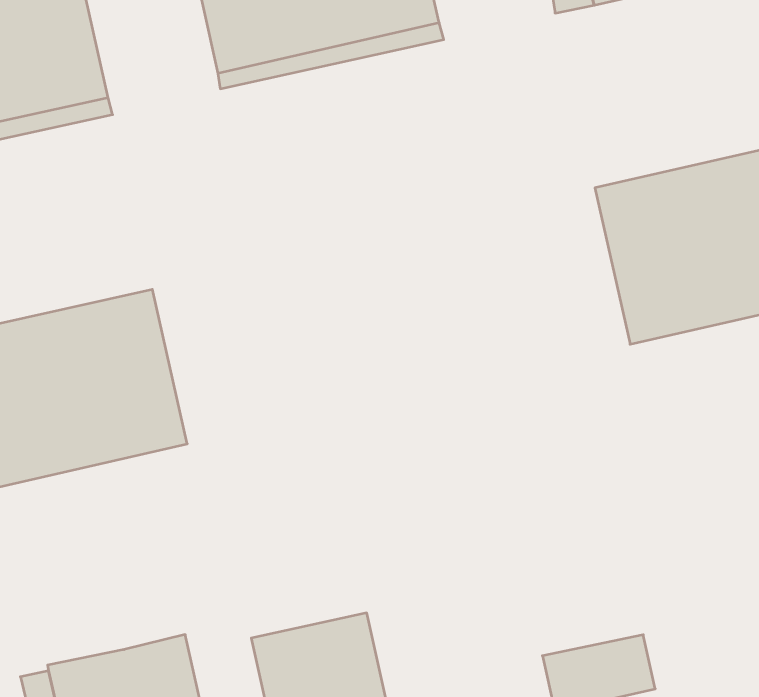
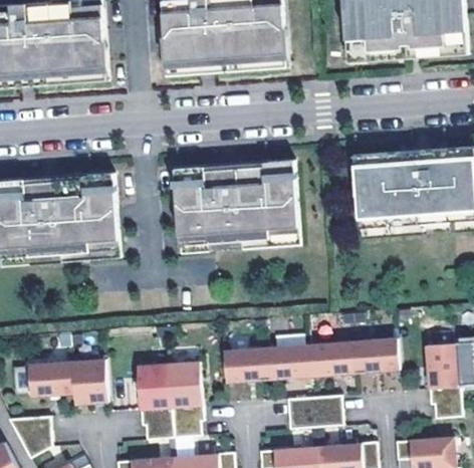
building: none -> [171,161,297,253]
building: none -> [220,335,398,380]

